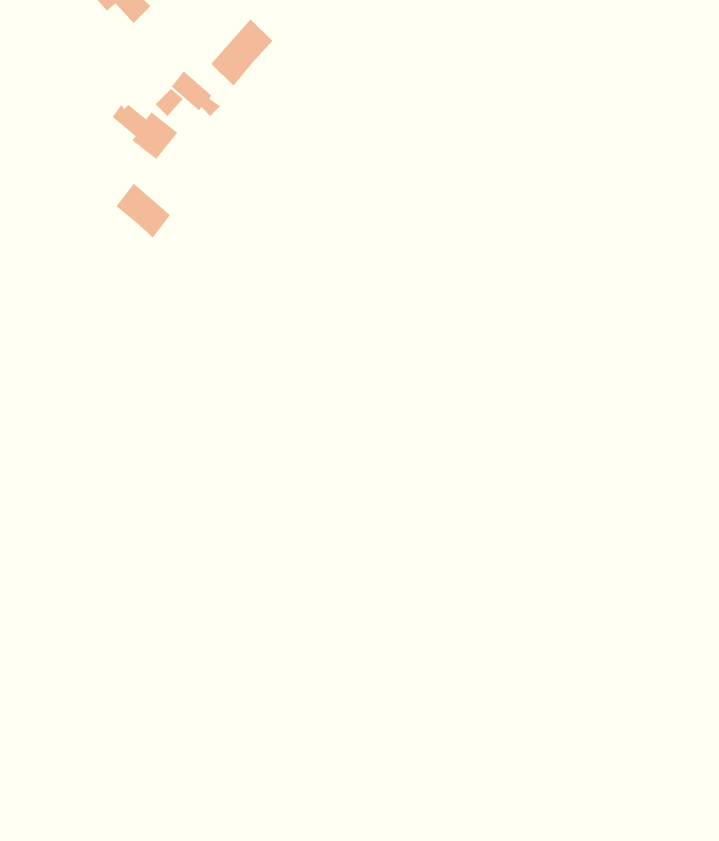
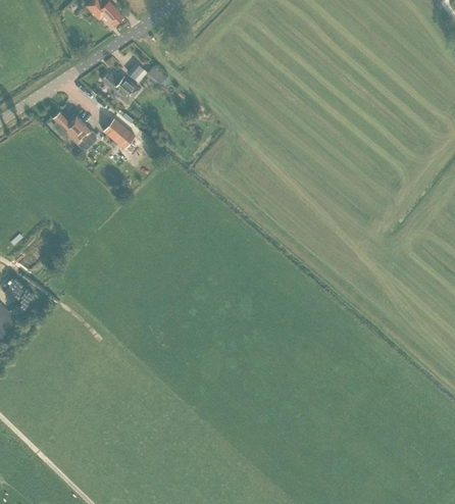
building: [210,18,273,87] -> none
building: none -> [52,111,92,144]

